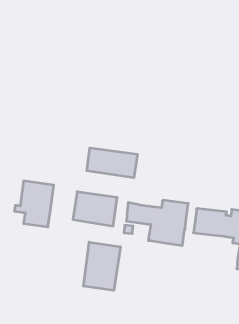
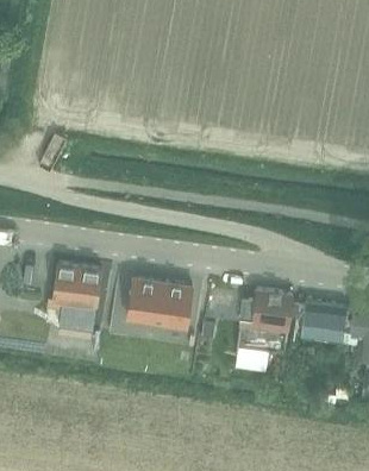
building: [87,148,137,178] -> none
building: [83,242,120,290] -> none

